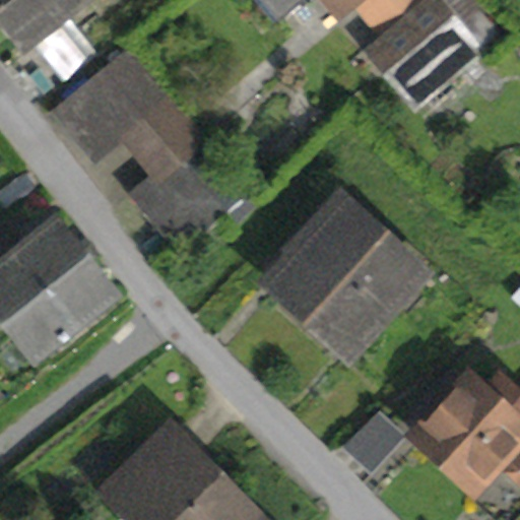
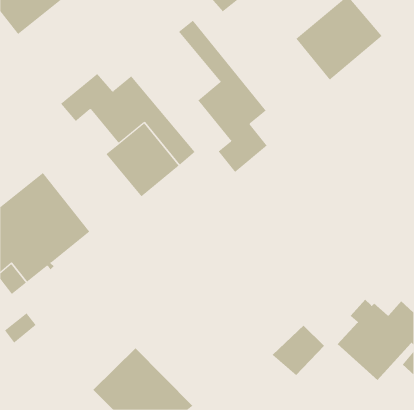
building: none -> [178,20,268,173]
building: [56,48,165,130] -> none
building: [281,200,409,336] -> none

